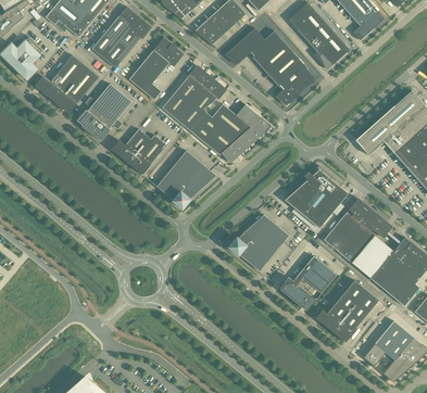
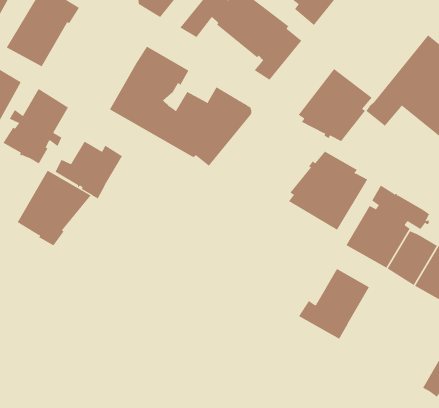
building: [128,37,184,99] -> none
building: none -> [298,68,372,142]
building: [155,150,215,208] -> [17,170,92,246]
building: [225,214,288,270] -> none
building: [315,279,378,341] -> none

